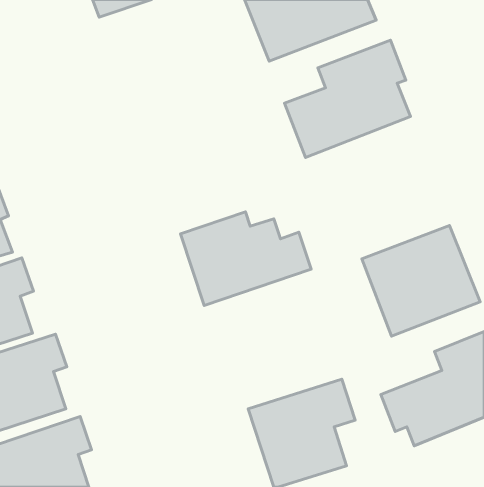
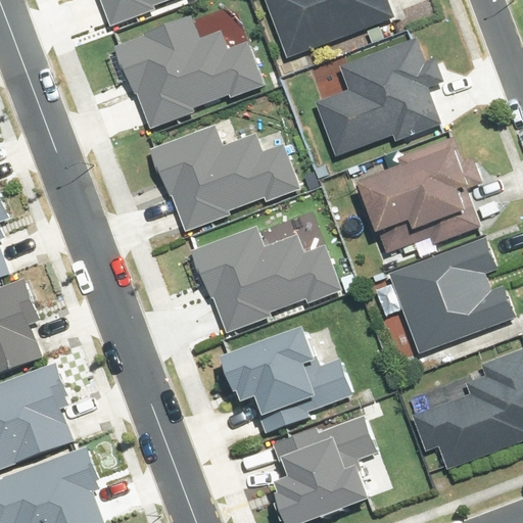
building: none -> [120,23,259,124]
building: none -> [159,126,299,226]
building: none -> [361,149,480,248]
building: none -> [224,312,351,423]

